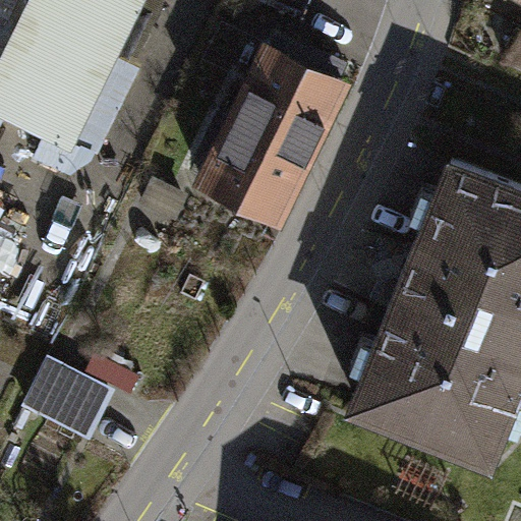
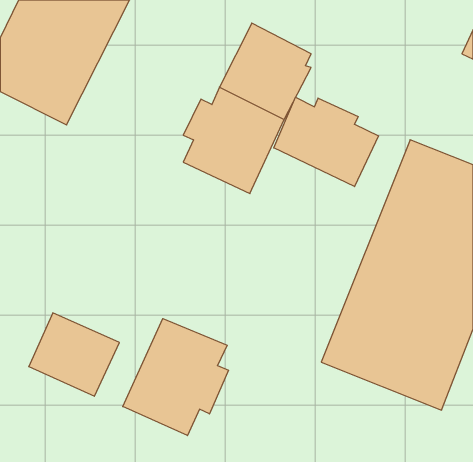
building: none -> [274,97,379,187]
building: none -> [123,319,228,436]

